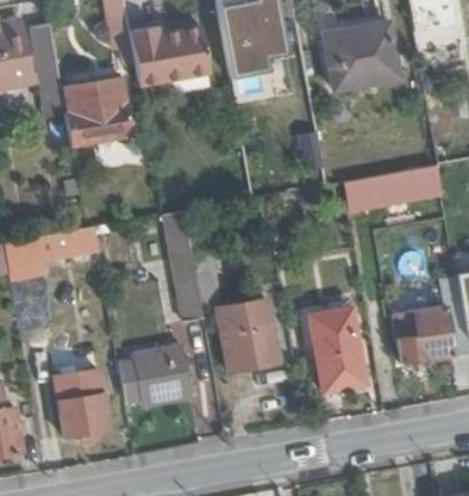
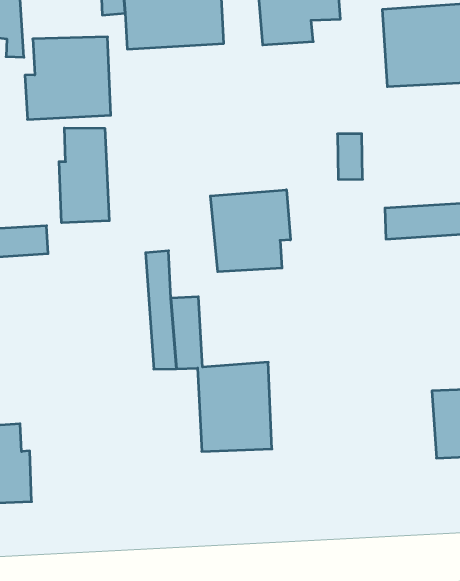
building: none -> [59,128,109,223]
building: none -> [210,190,290,272]
building: [307,305,364,391] -> none
building: [120,348,194,407] -> none

